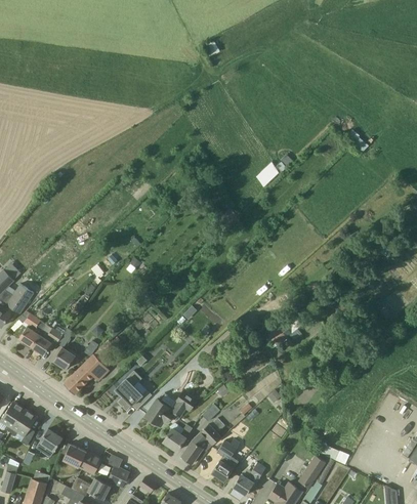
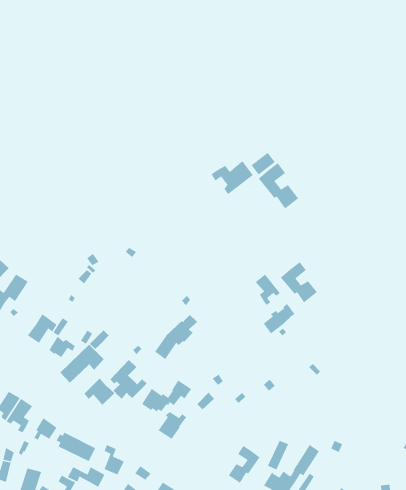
building: none -> [211,160,254,195]
building: none -> [258,162,299,209]
building: none -> [280,261,318,303]
building: none -> [255,274,281,306]
building: [18,314,46,347] -> none
building: none -> [84,377,115,406]
building: [180,419,224,465] -> [154,314,198,360]
building: [211,439,240,481] -> none

